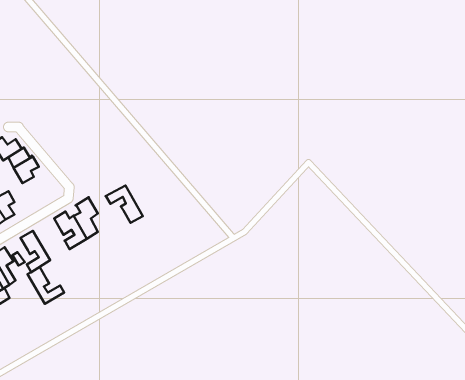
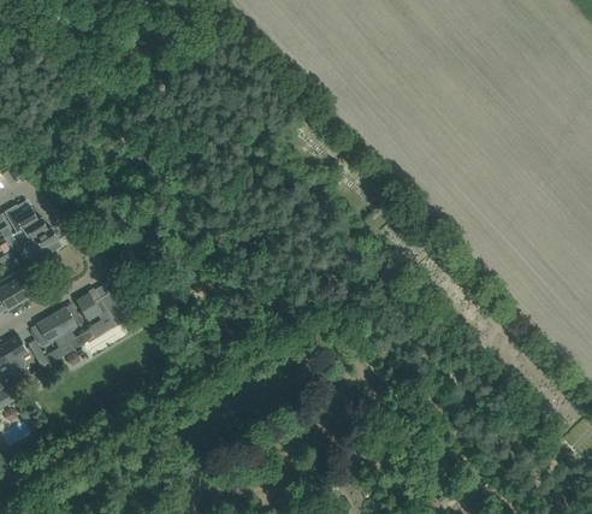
building: [105,186,143,223] -> none
building: [28,267,64,304] -> [42,312,85,355]

